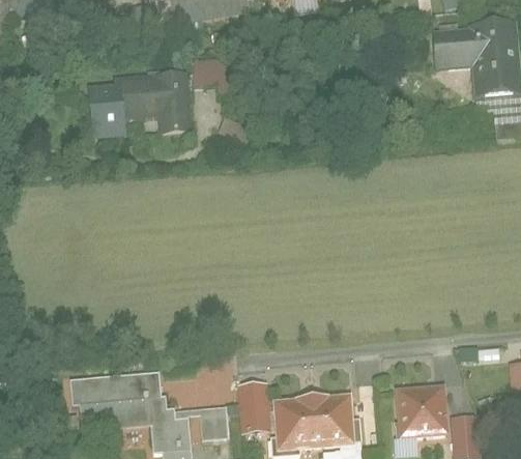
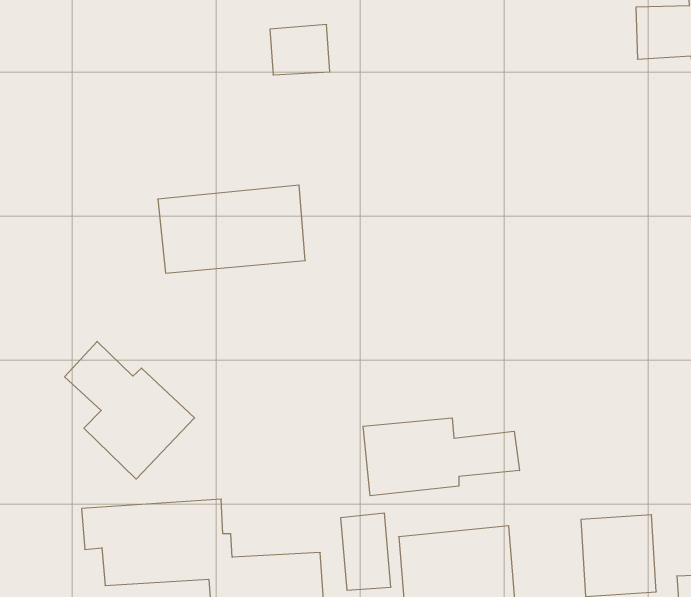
building: [87,77,184,135] -> [158,185,305,273]
building: none -> [65,341,195,479]
building: none -> [363,418,519,496]

